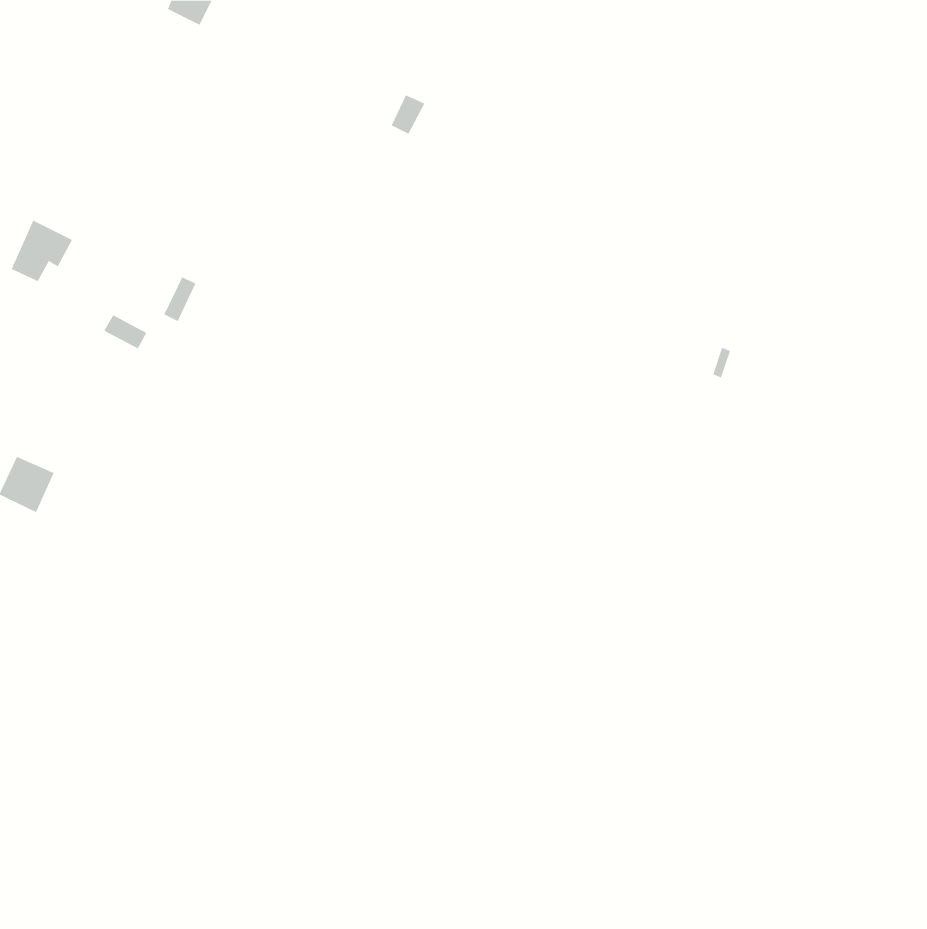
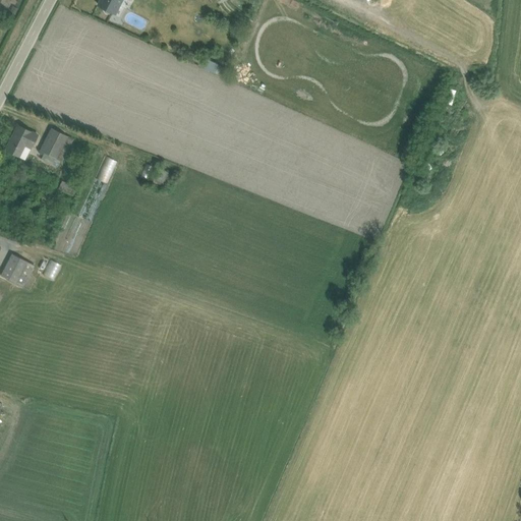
building: none -> [40,127,69,160]

